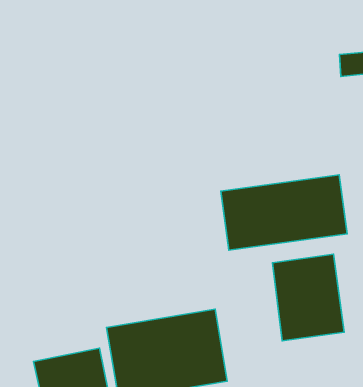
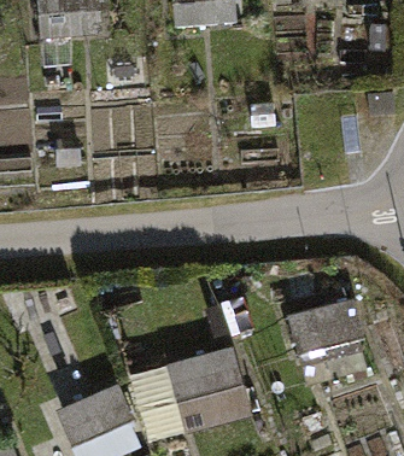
building: [221,175,347,250] -> none

